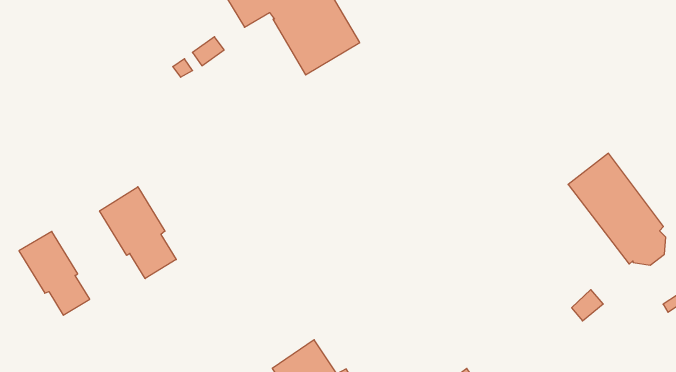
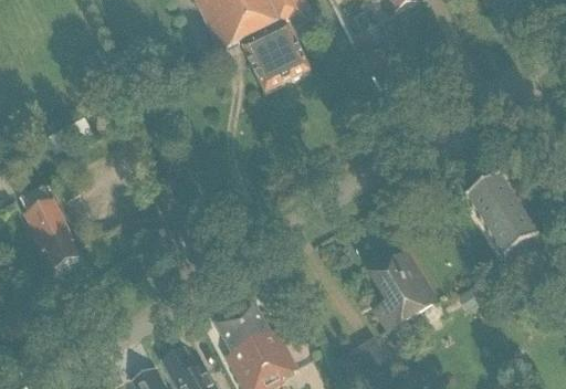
building: [100,187,176,279] -> none
building: none -> [368,250,434,328]

